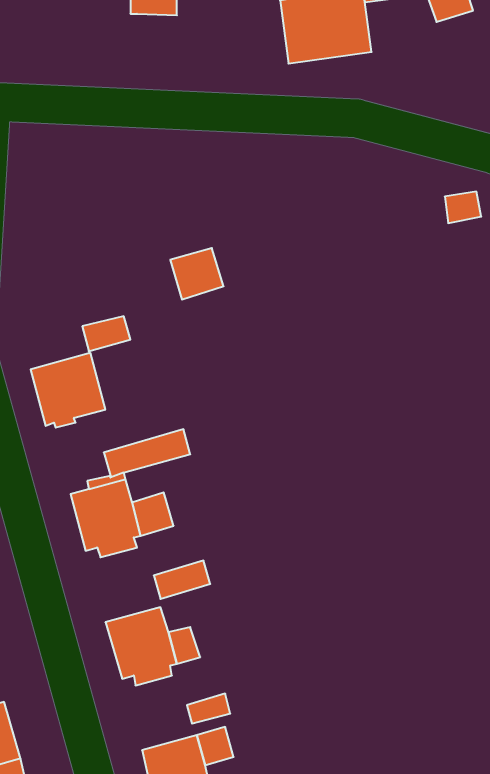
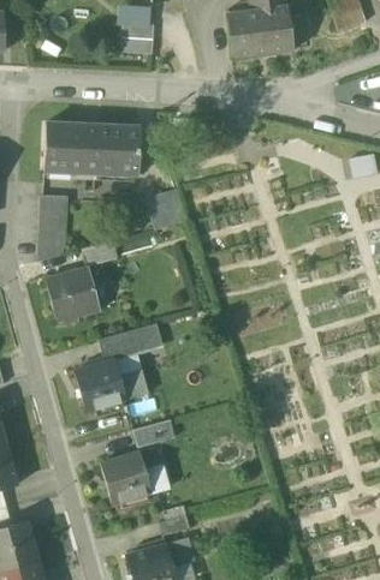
building: none -> [121,23,154,54]
building: none -> [44,122,141,175]
building: none -> [37,196,67,262]

